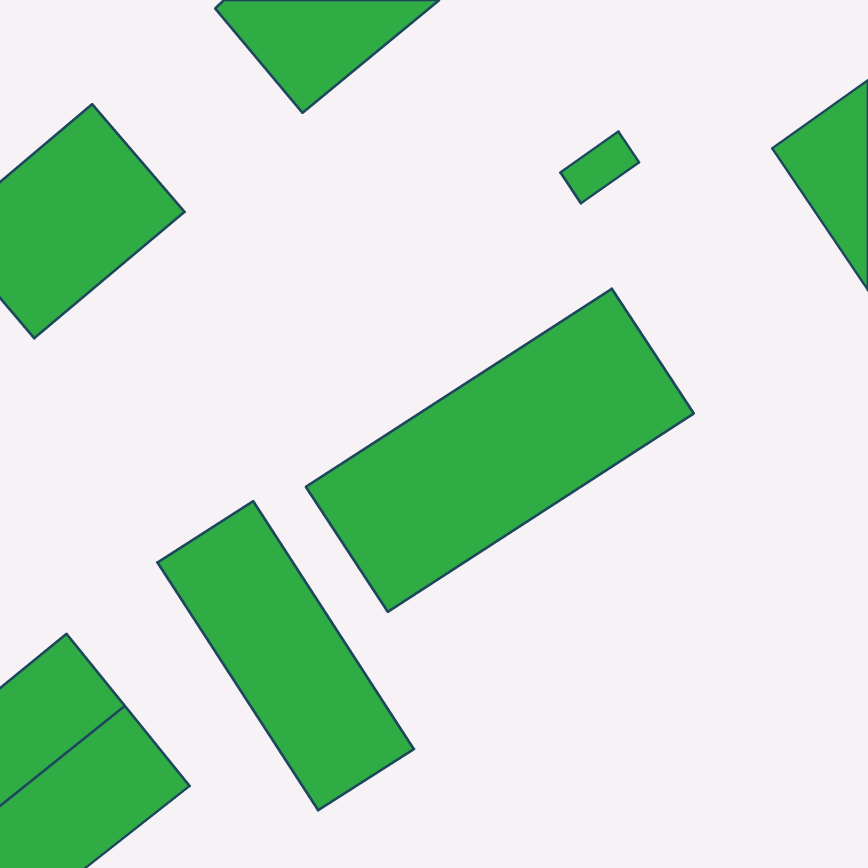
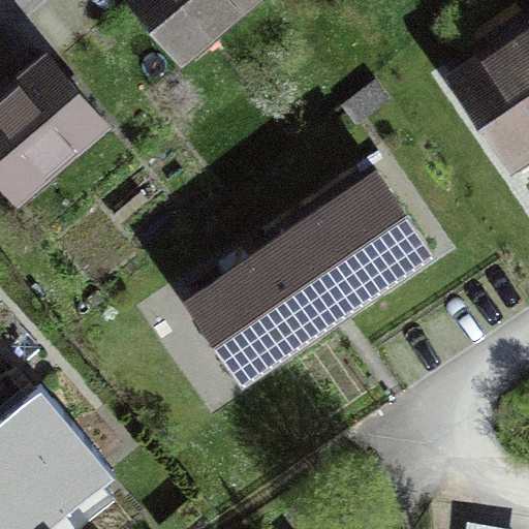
building: [157,501,414,810] -> none

